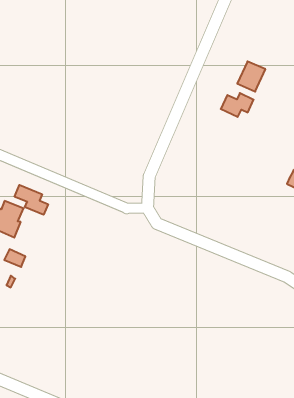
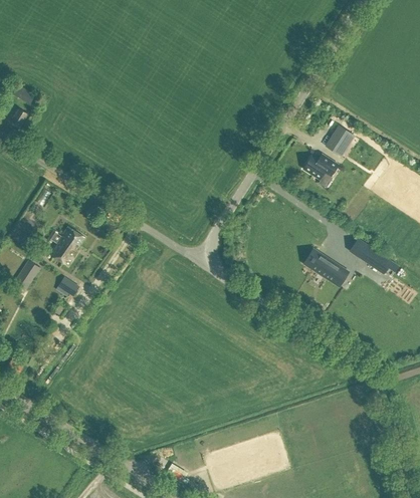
building: [15,185,48,215] -> none
building: none -> [306,250,346,285]

